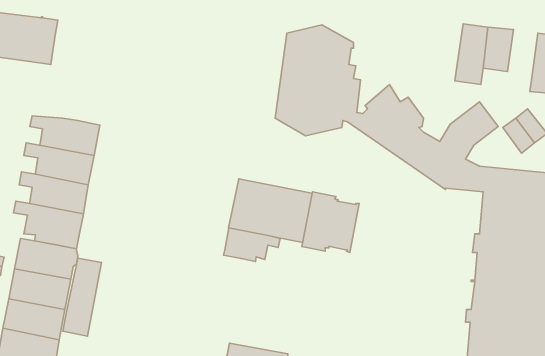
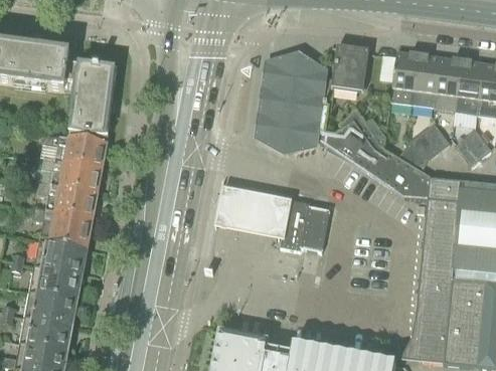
building: none -> [320,45,368,103]
building: none -> [389,51,419,104]
building: none -> [455,59,483,113]
building: none -> [64,62,117,137]
building: [224,228,280,262] -> none
building: [63,258,101,336] -> none

